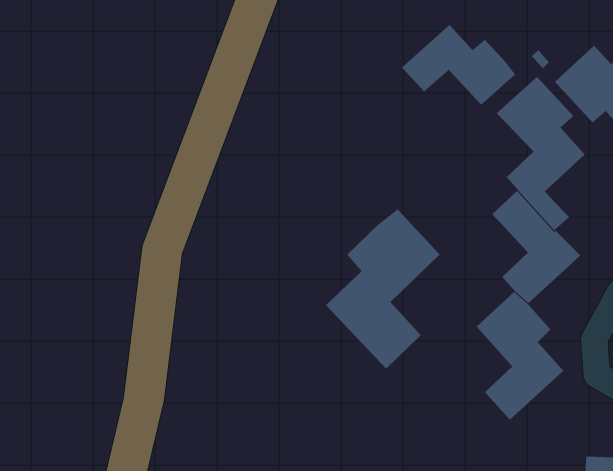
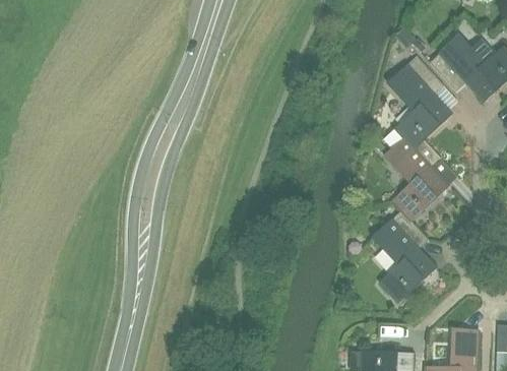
building: [401,24,516,106] -> none
building: [325,209,440,369] -> none

